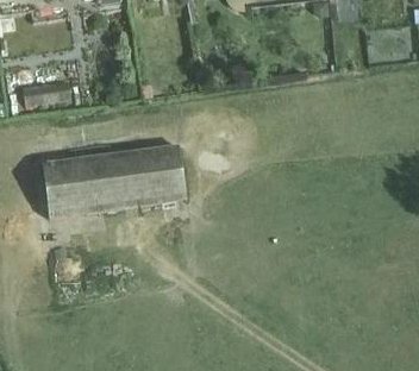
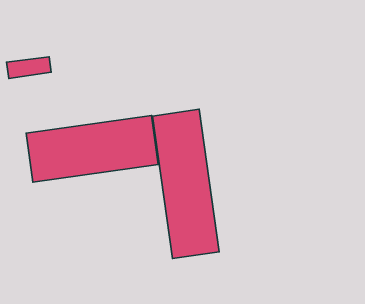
building: none -> [153,109,219,259]

